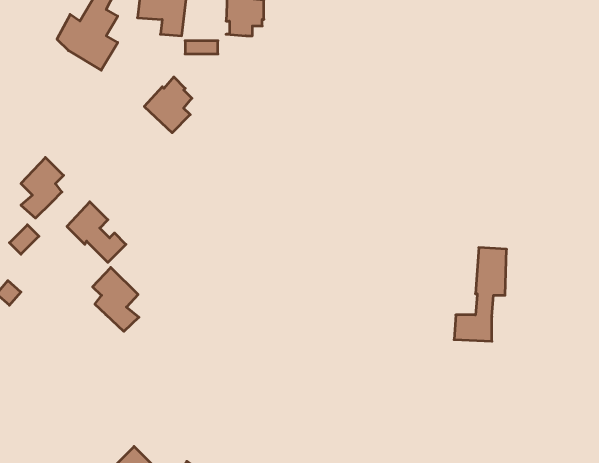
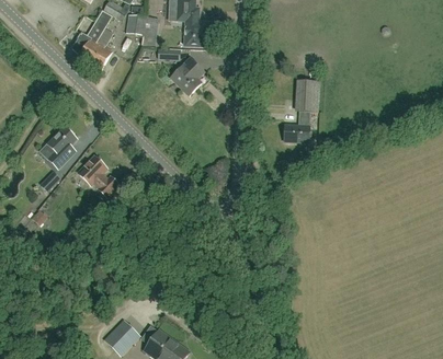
building: [144,77,192,133] -> [171,58,203,95]
building: [454,248,507,341] -> [284,80,319,142]
building: [93,267,139,331] -> none

